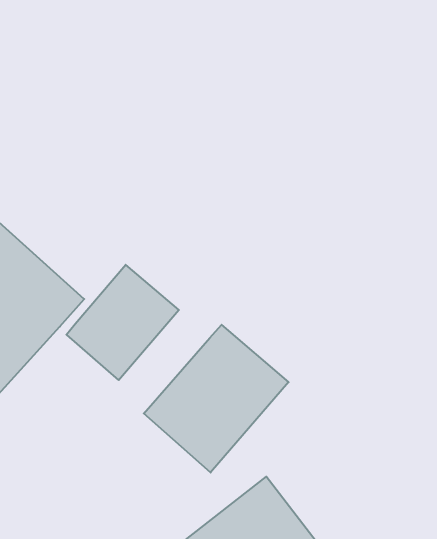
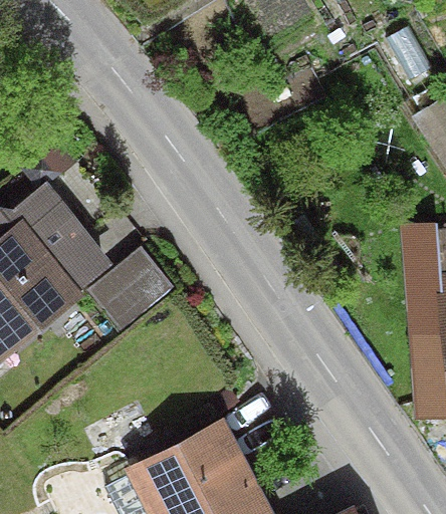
building: [144,325,289,473] -> none

